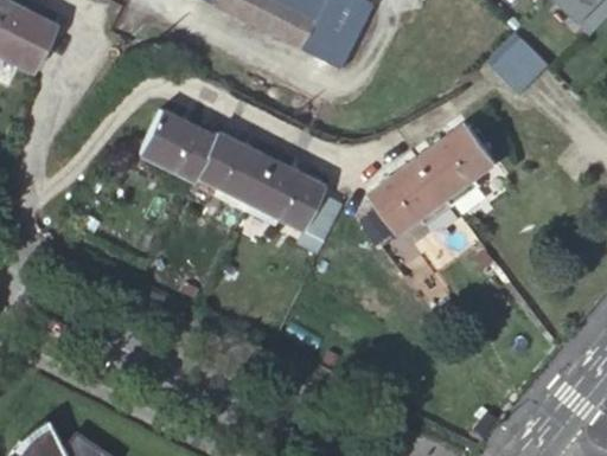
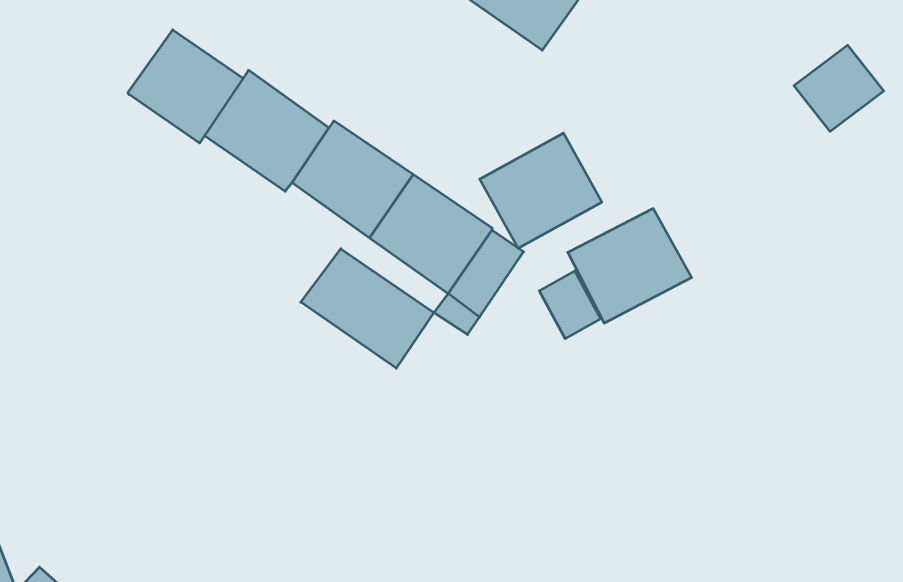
building: none -> [128,30,243,143]
building: [420,122,497,197] -> [480,133,602,248]
building: none -> [301,249,434,368]

